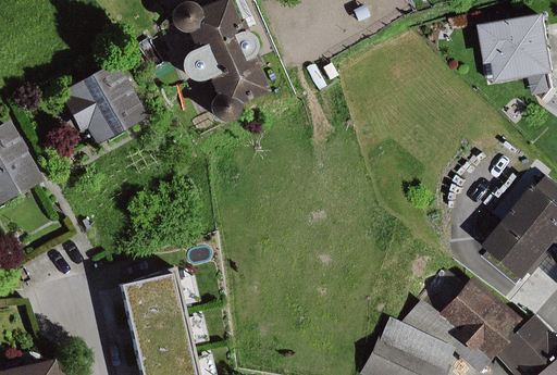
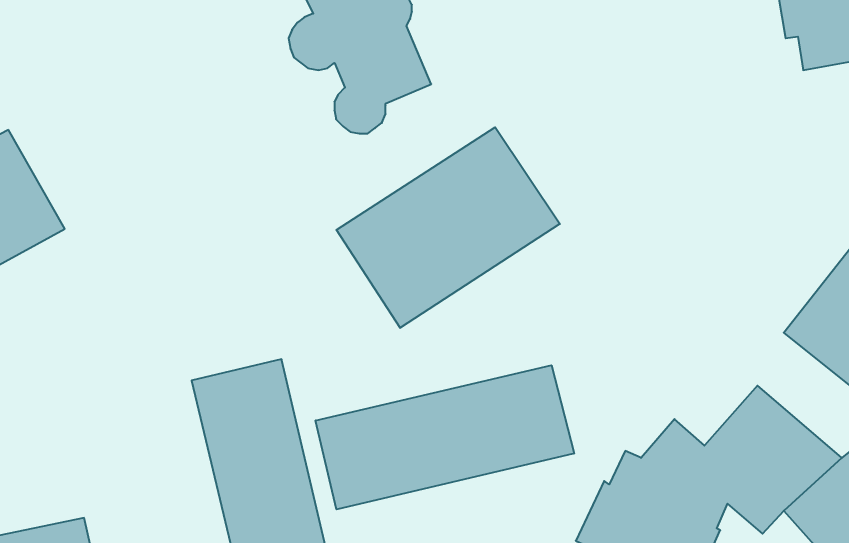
building: [64,60,147,143] -> none
building: none -> [336,127,560,328]
building: none -> [316,365,574,509]

